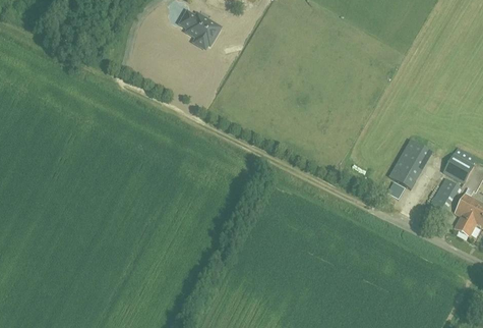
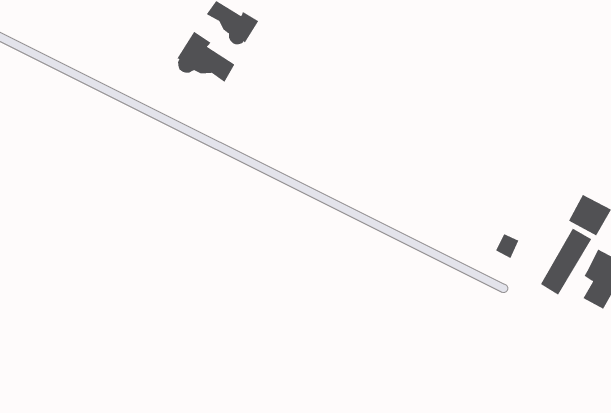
building: none -> [176,31,235,83]
building: [391,136,435,186] -> none

